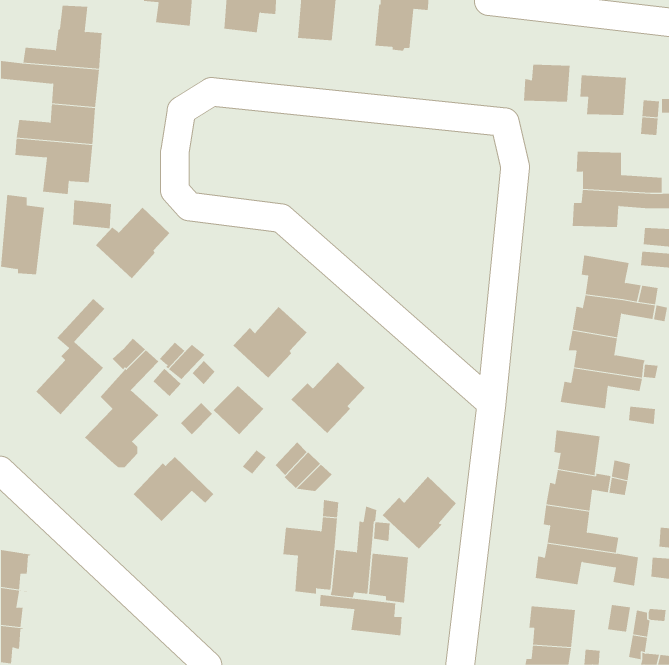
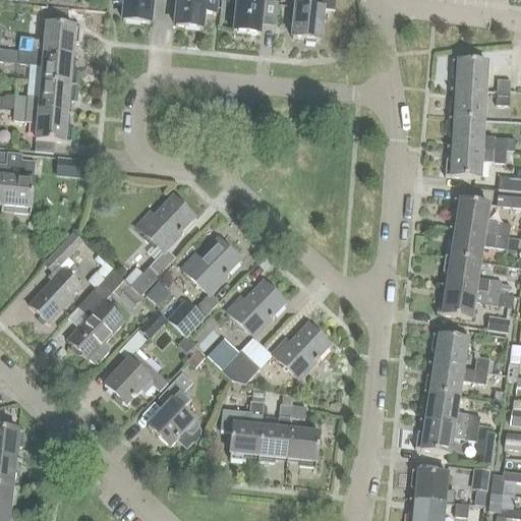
building: [523,64,570,102] -> [449,89,485,118]
building: [95,207,170,279] -> [136,195,194,251]
building: [382,476,457,549] -> [273,322,331,379]
building: none -> [148,371,199,447]
building: [320,594,402,636] -> none

